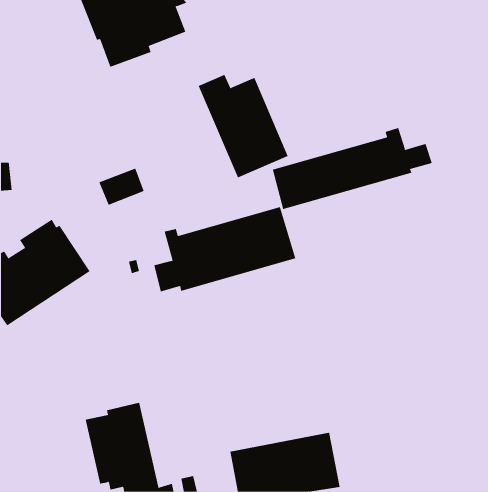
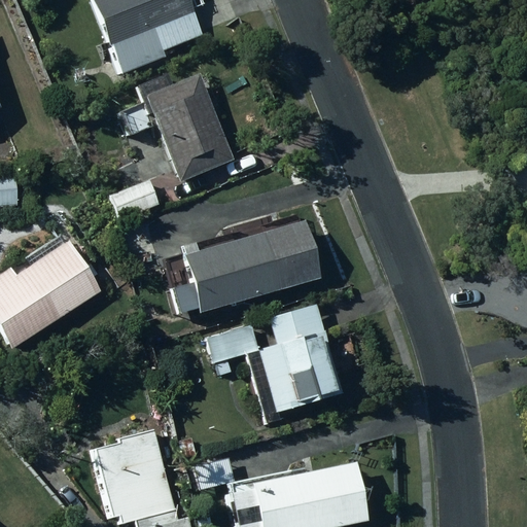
building: [198,74,289,178] -> [138,70,235,181]
building: [272,127,432,210] -> none
building: none -> [208,304,343,424]

